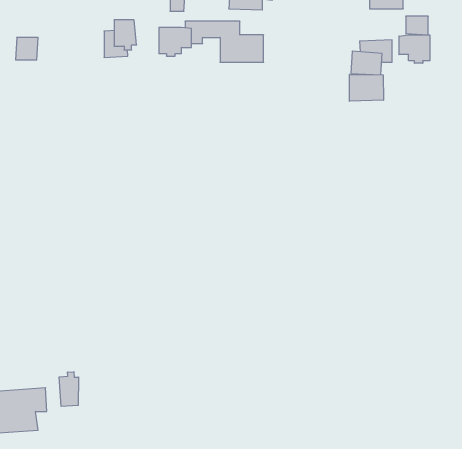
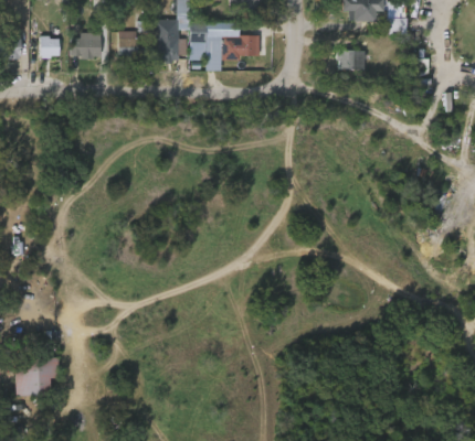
building: none -> [74,30,104,65]
building: [399,35,430,63] -> none
building: [349,74,383,101] -> none
building: [59,372,79,406] -> none

